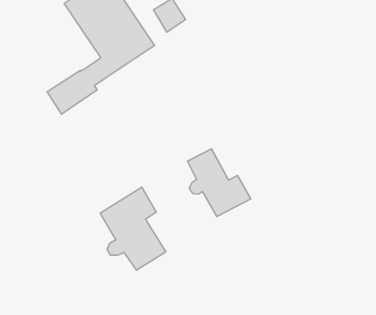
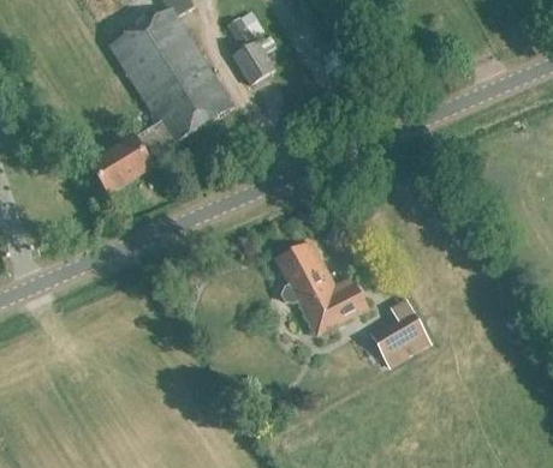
building: [100,187,166,270] -> none
building: none -> [368,310,428,367]

